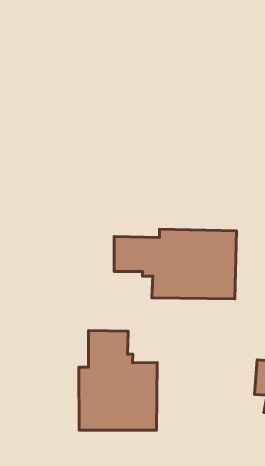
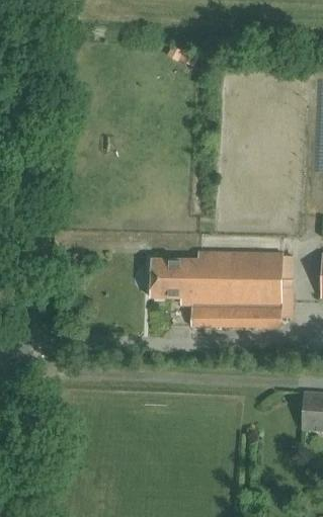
building: [79,330,157,430] -> none

